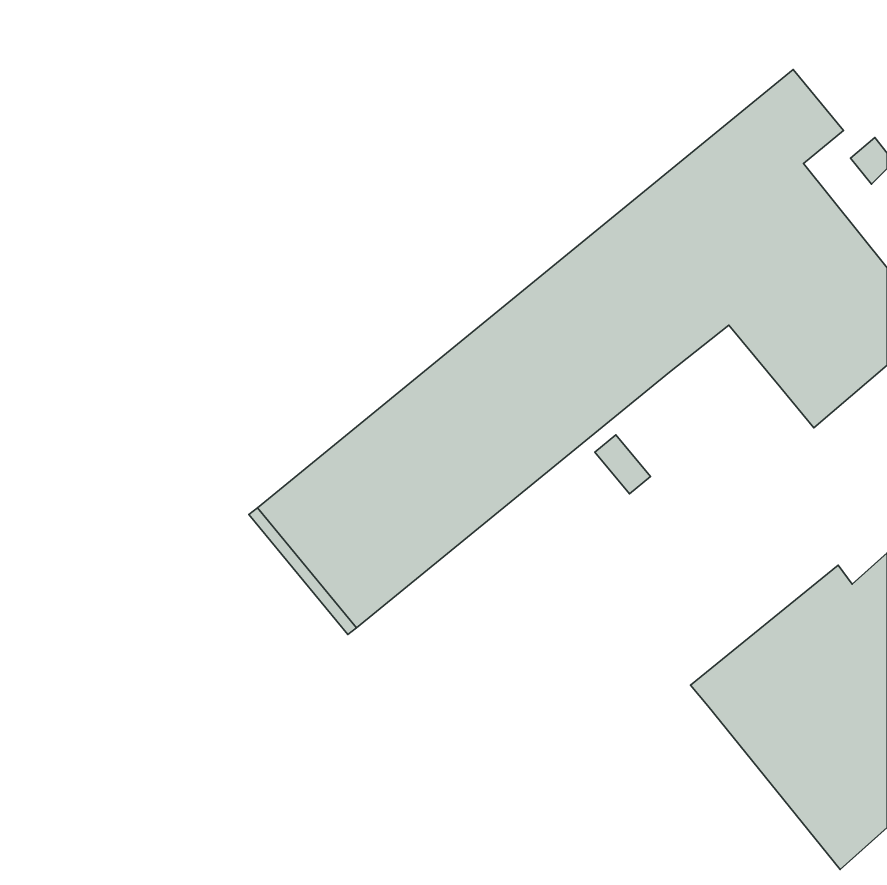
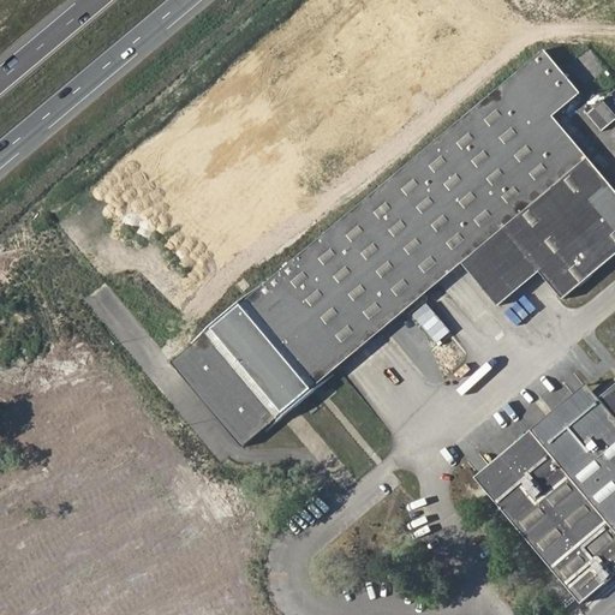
building: none -> [462,227,539,303]

